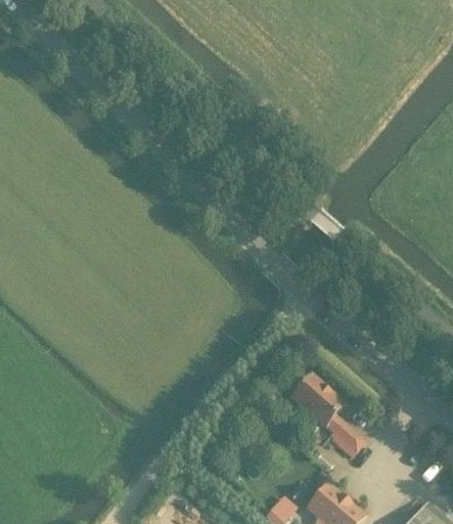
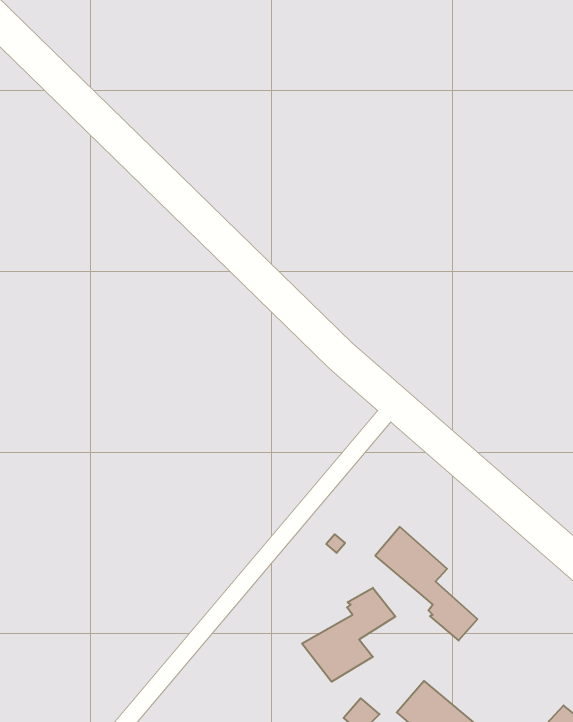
building: none -> [302,588,395,682]

